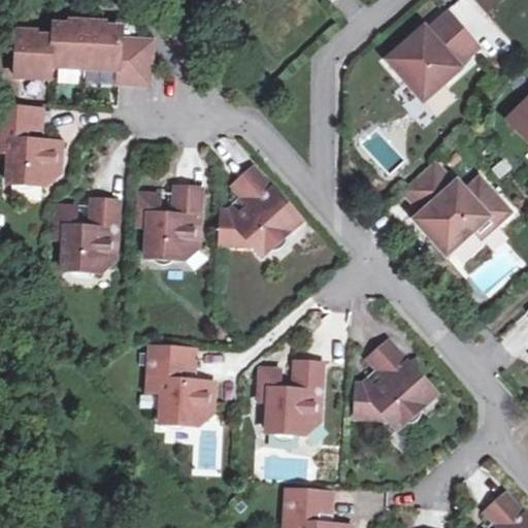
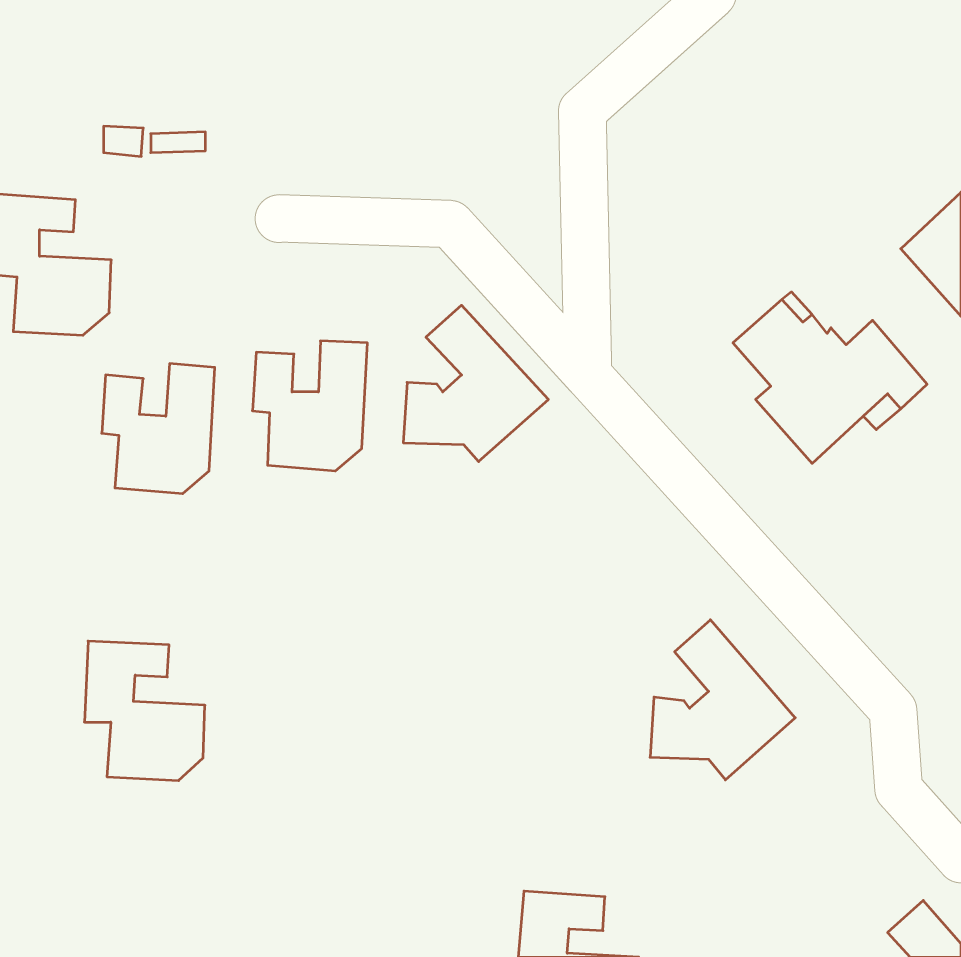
building: [387,12,477,99] -> none
building: [15,20,150,82] -> none
building: [147,345,213,422] -> [84,641,205,781]
building: [259,360,321,431] -> none

